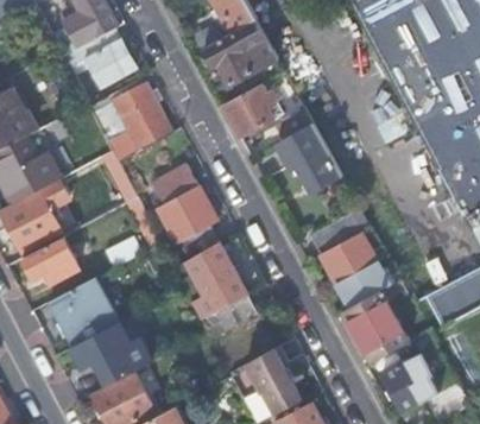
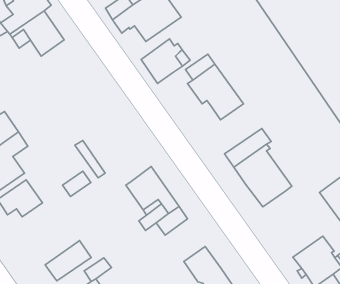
building: [90,82,173,160] -> none
building: [153,163,220,255] -> none
building: [50,277,118,346] -> none
building: [345,290,412,362] -> none

